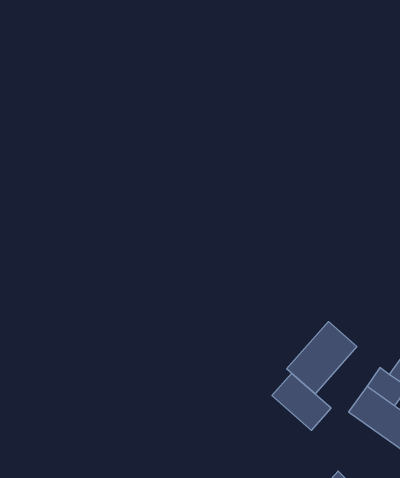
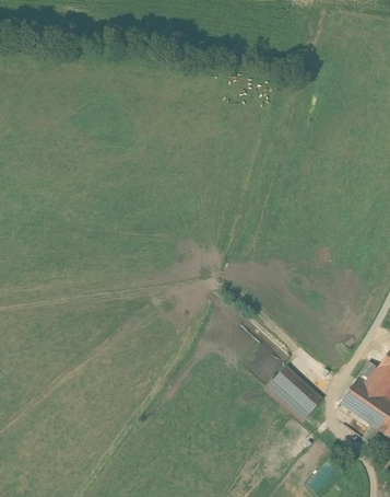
building: [287,322,357,394] -> none

